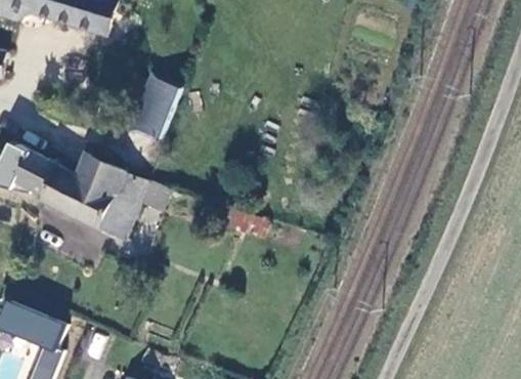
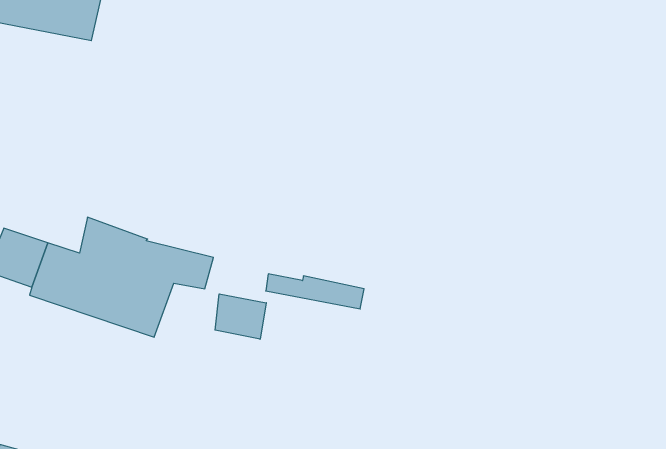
building: [129,77,179,139] -> none
building: none -> [215,294,266,339]

